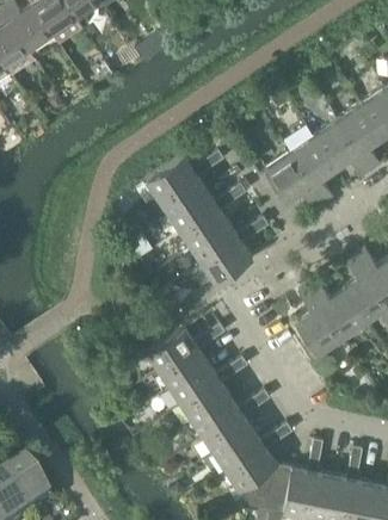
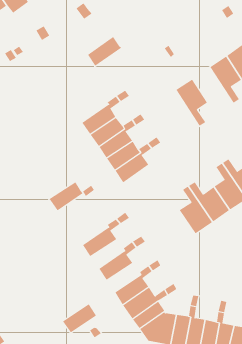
building: [313,119,370,177] -> none
building: [264,151,322,209] -> none
building: [146,155,195,198] -> [87,36,122,67]
building: [146,328,195,370] -> [49,181,83,211]
building: [168,361,217,403] -> none
building: [191,395,240,437] -> [62,304,97,333]

